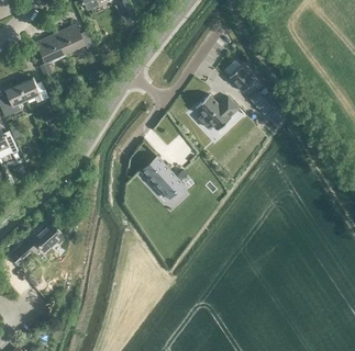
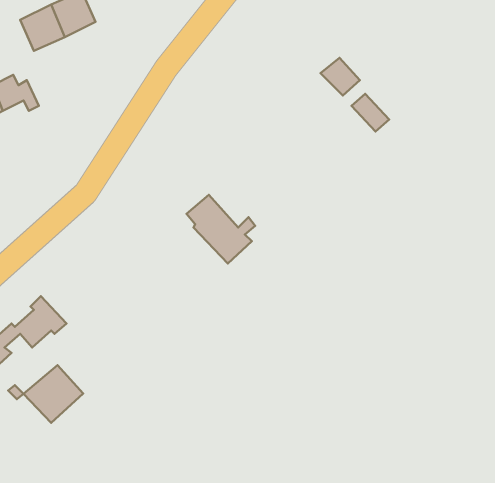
building: [195,94,237,131] -> none
building: none -> [24,365,83,423]

